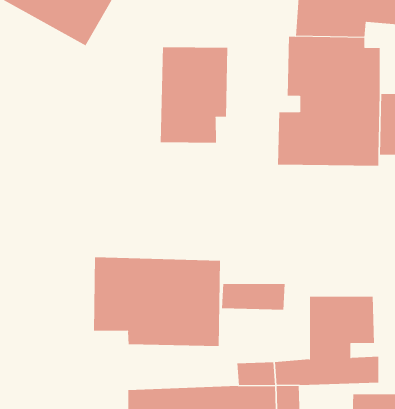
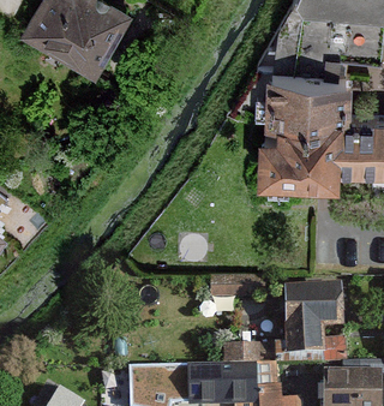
building: [160,46,228,144] -> none
building: [94,256,221,347] -> none

